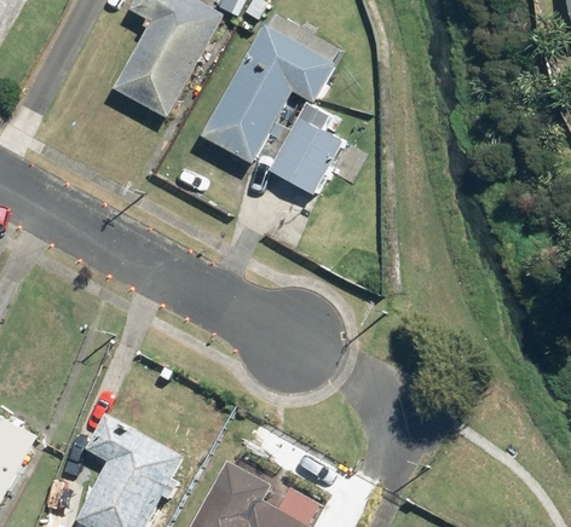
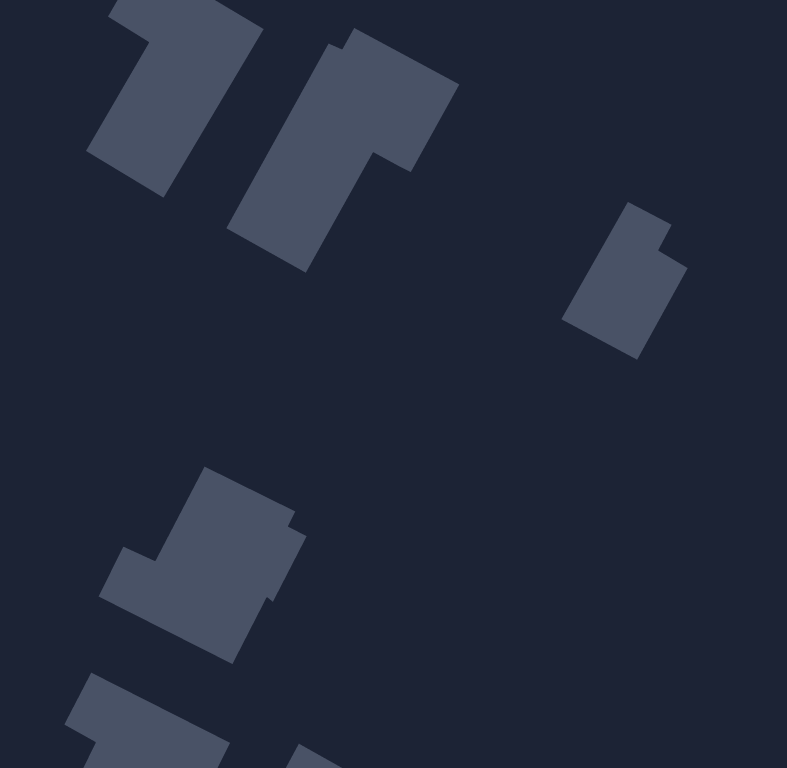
building: [258,106,336,204] -> [560,201,689,361]
building: none -> [98,465,308,665]

